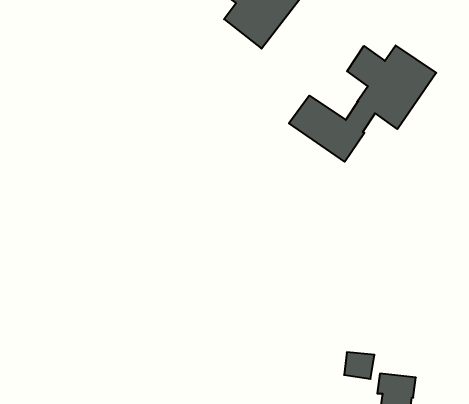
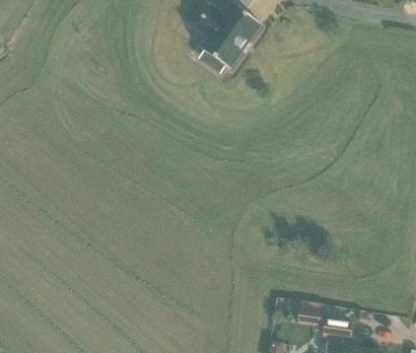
building: [289,45,436,162] -> none

